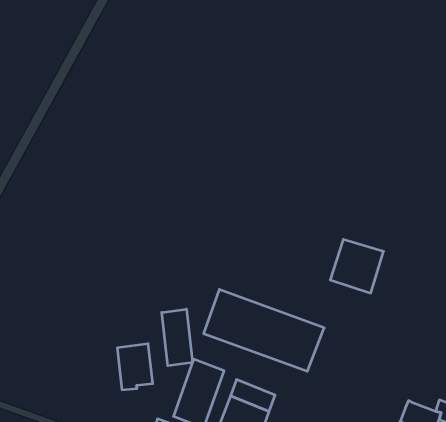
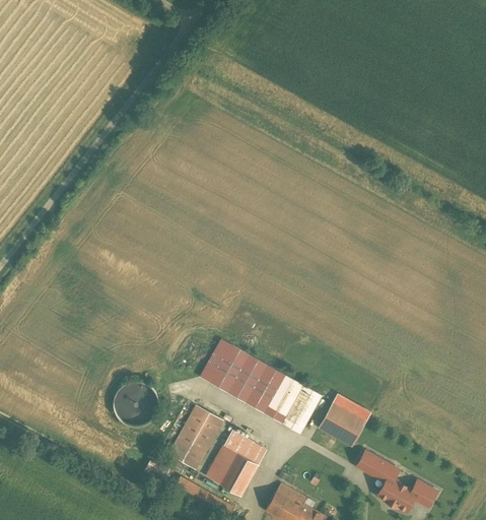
building: [330,239,384,293] -> [319,392,372,446]
building: [162,309,193,366] -> none
building: none -> [357,450,398,481]

